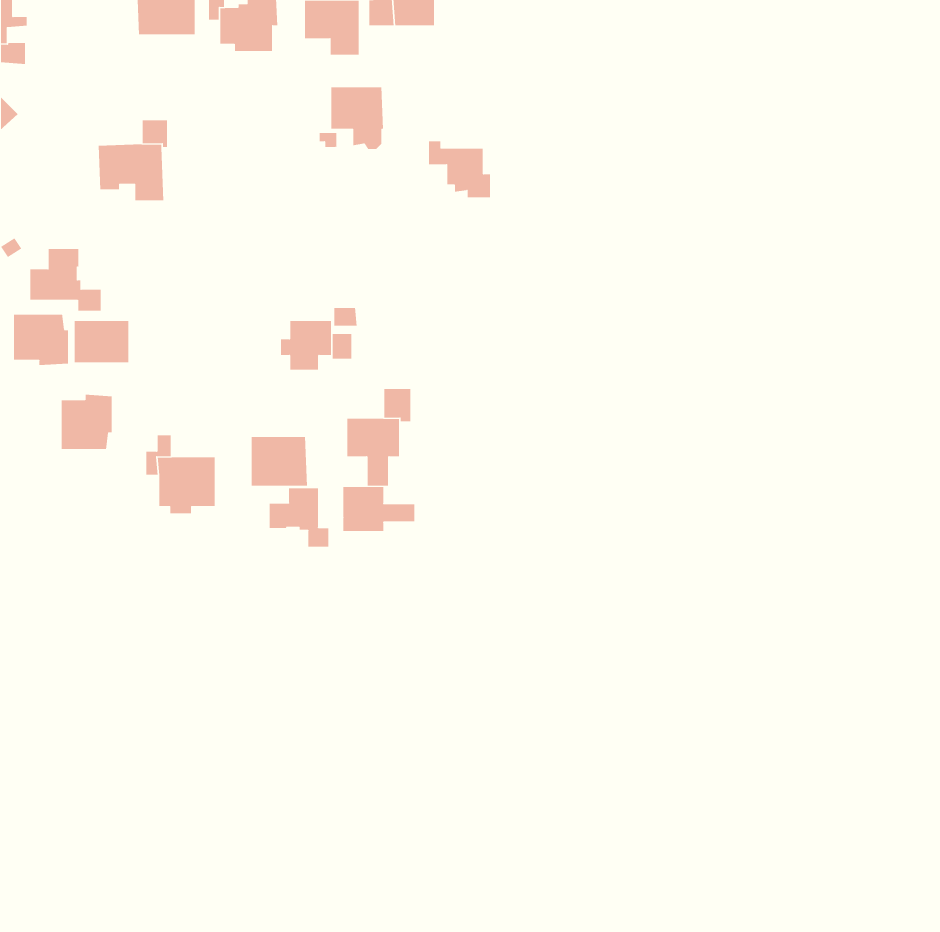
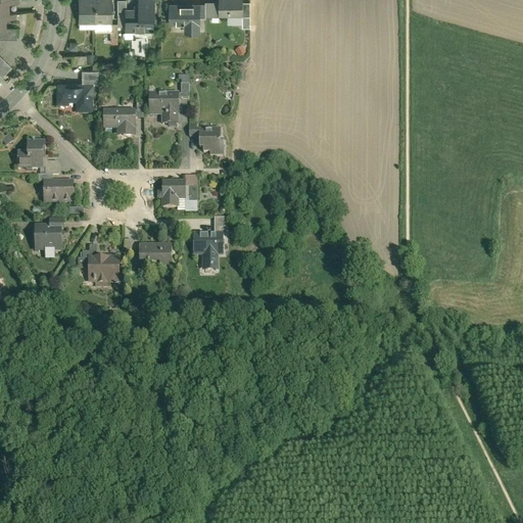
building: [331,87,384,149] -> [149,90,179,125]
building: [428,141,491,198] -> [189,122,224,153]
building: none -> [102,106,135,135]
building: [13,314,68,366] -> none
building: [343,486,415,532] -> none
building: [269,488,329,547] -> none

